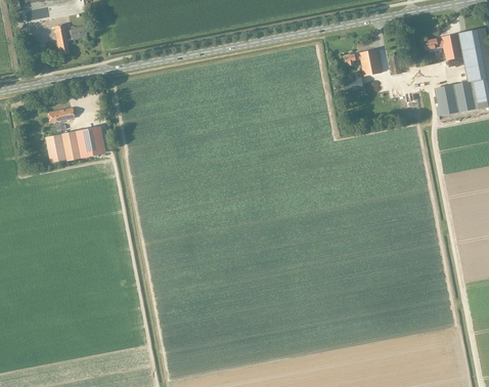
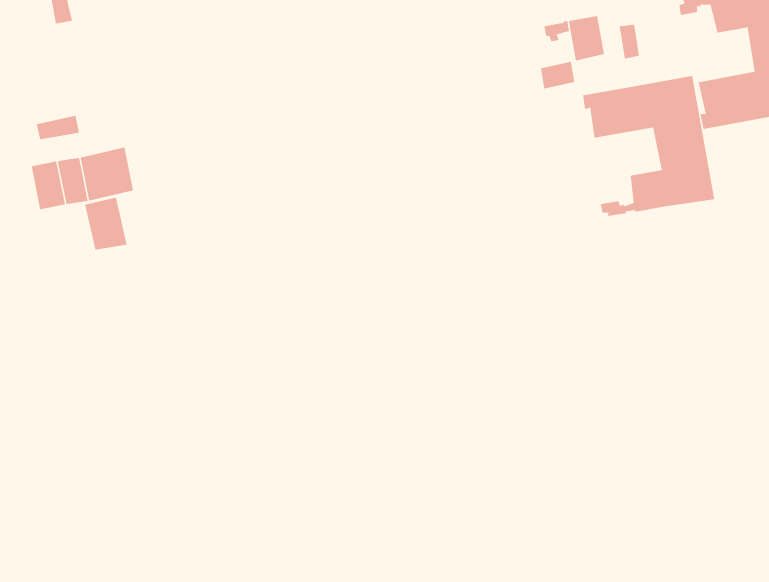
building: none -> [583,75,715,217]
building: none -> [85,197,127,251]

